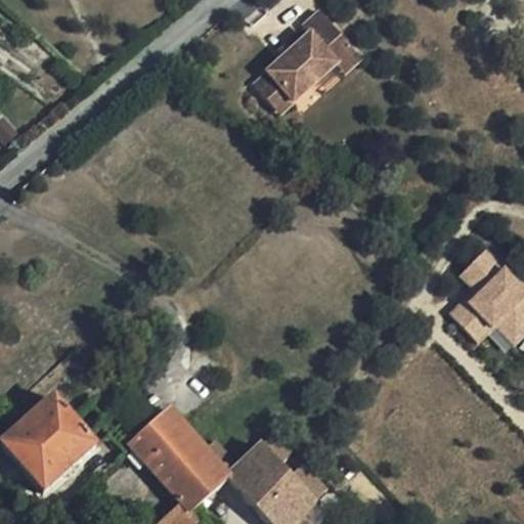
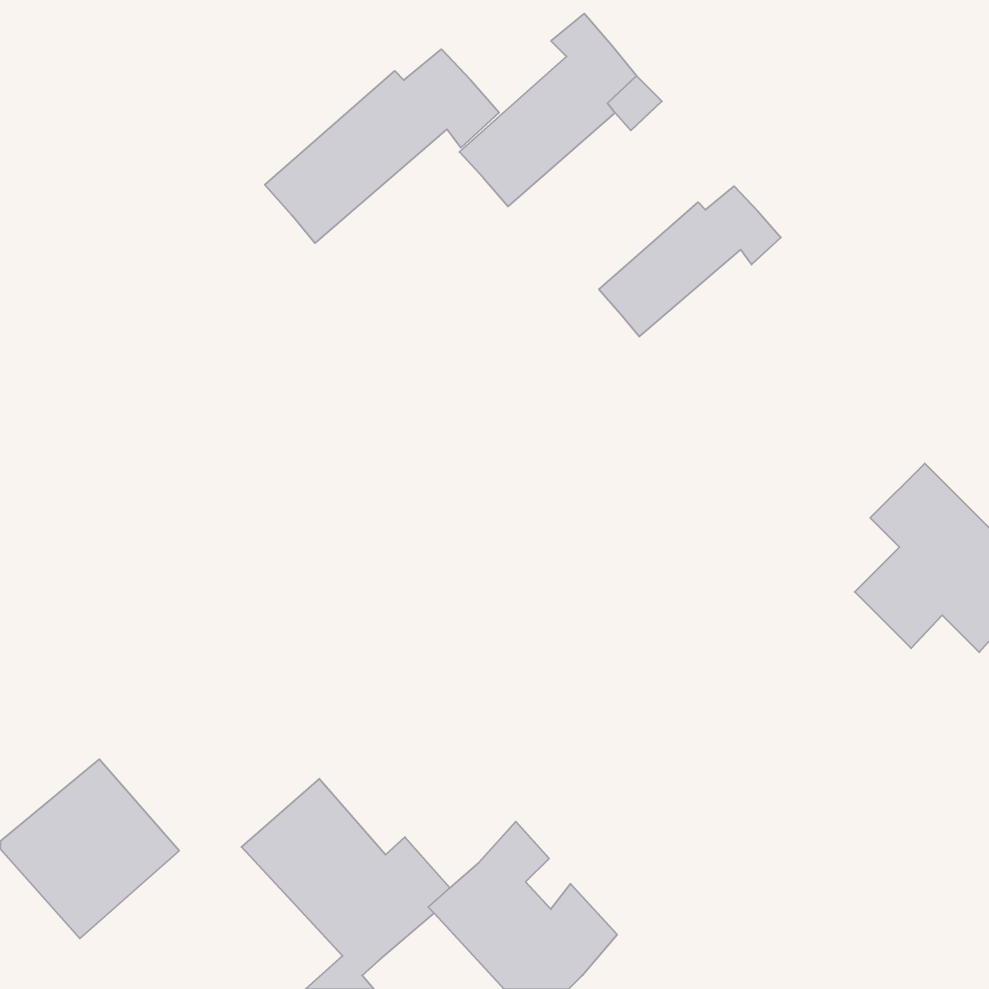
building: none -> [265,49,499,243]
building: none -> [599,186,781,337]

